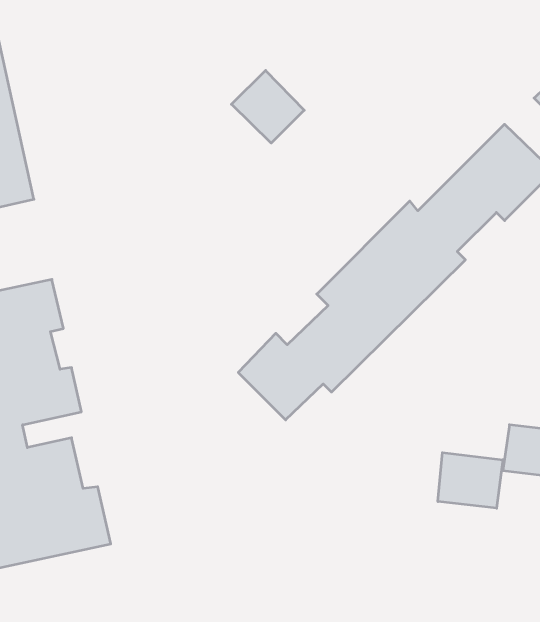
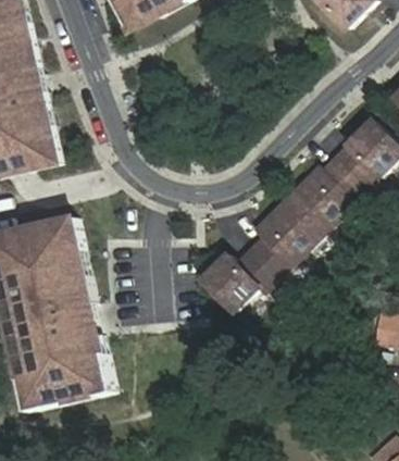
building: [231,70,304,143] -> none
building: [438,453,503,508] -> none

